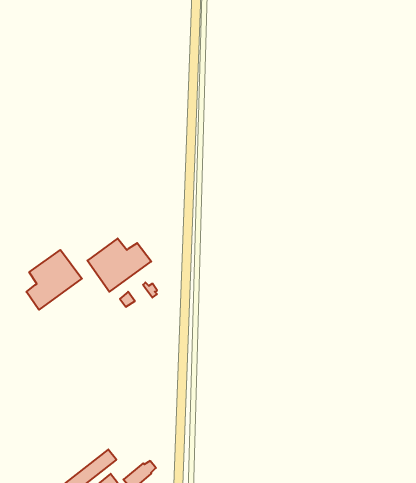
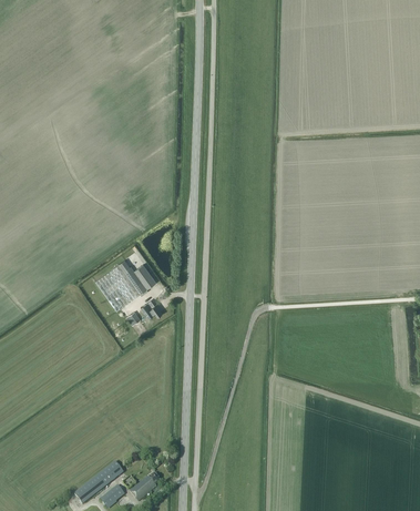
building: [26,250,82,310] -> none

